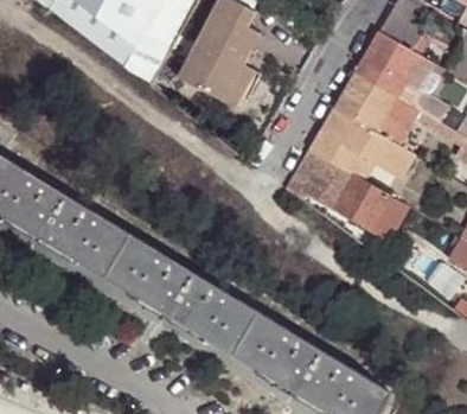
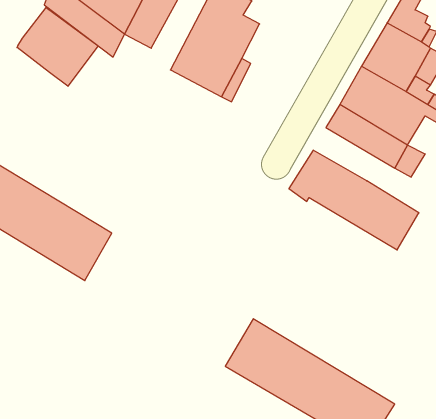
building: none -> [17,8,98,86]
building: [311,130,372,180] -> none
building: [98,229,255,352] -> none

